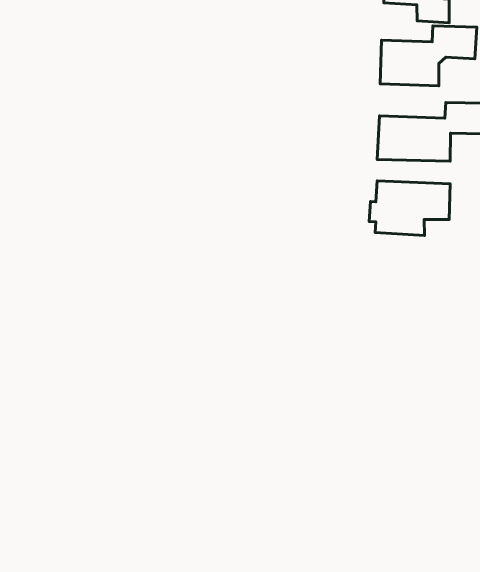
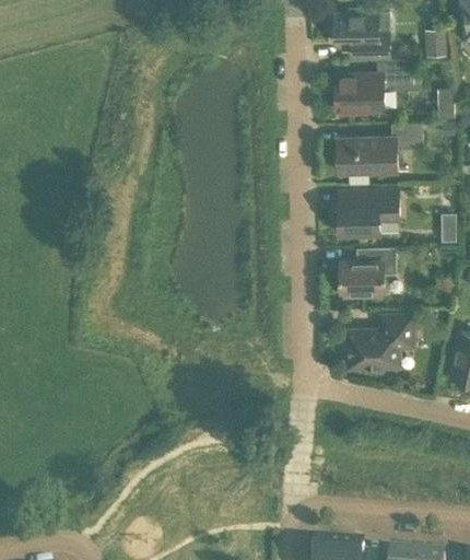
building: none -> [340,247,397,295]
building: none -> [348,316,413,374]

